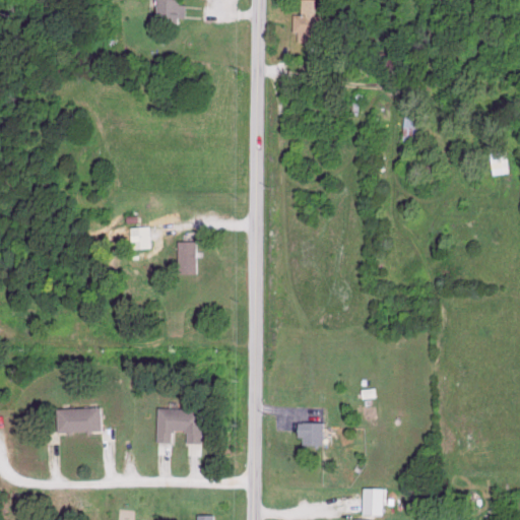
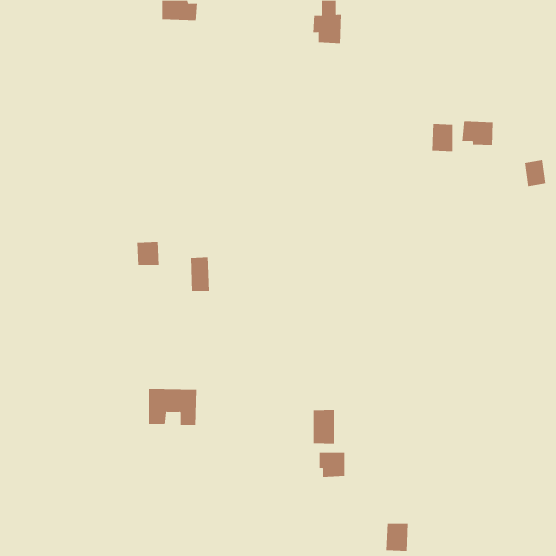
building: none -> [462,121,493,146]
building: none -> [313,409,335,444]
building: [55,407,102,432] -> none
building: [156,408,202,443] -> [148,388,197,426]

